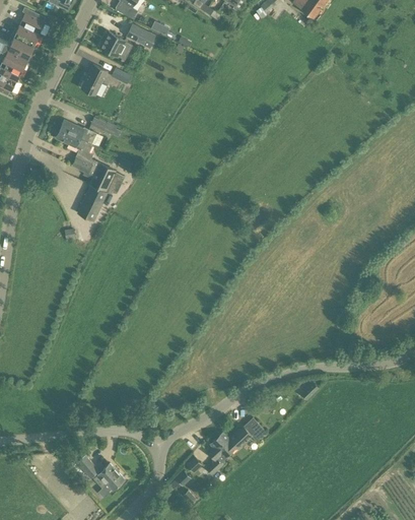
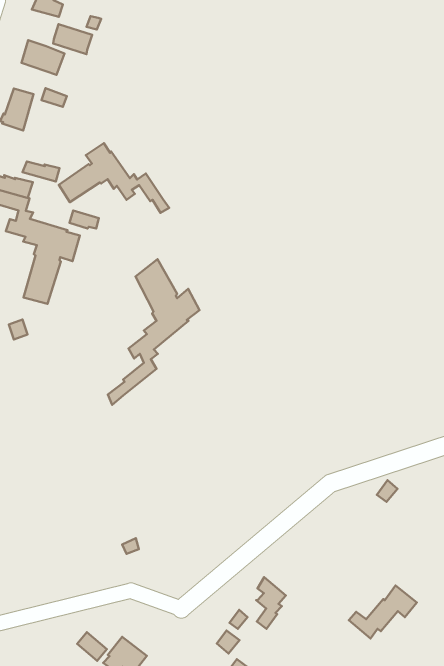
building: none -> [59,143,169,213]
building: none -> [108,259,199,405]
building: [216,417,266,452] -> [349,586,417,638]

